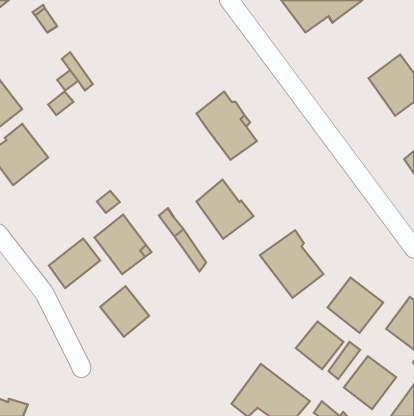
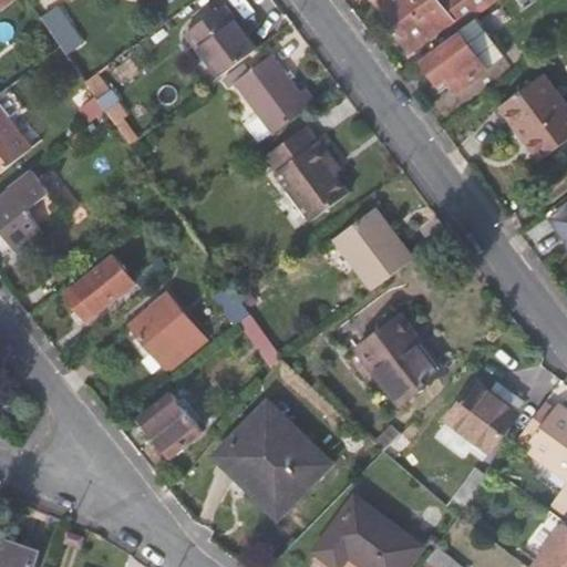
building: none -> [186,6,255,76]
building: none -> [424,14,504,90]
building: none -> [236,55,315,133]
building: [196,179,253,239] -> [336,209,413,290]
building: [49,238,100,288] -> [62,255,132,322]
building: none -> [216,403,328,516]
building: [296,321,344,369] -> none
building: [344,356,396,409] -> none

